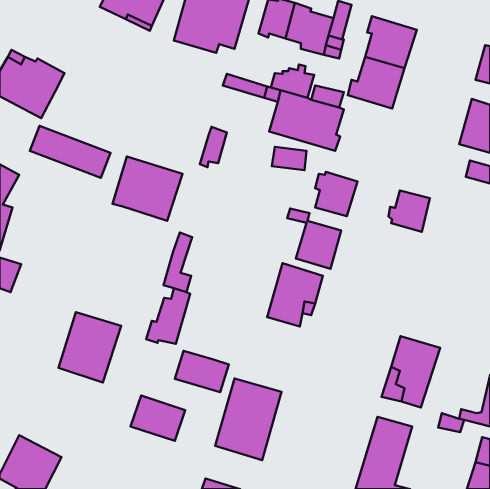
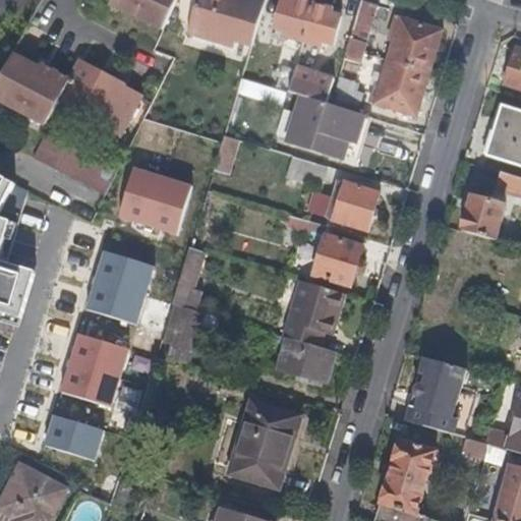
building: none -> [58,58,142,135]
building: [388,191,430,232] -> [459,195,503,239]
building: none -> [86,249,152,324]
building: [175,351,229,392] -> [277,337,334,381]
building: [131,396,185,441] -> [44,414,102,462]

